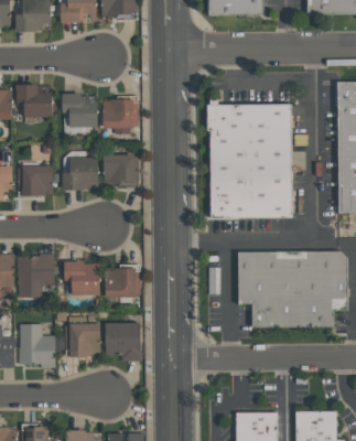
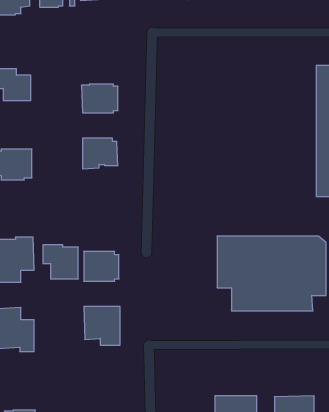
building: [62,93,98,126] -> none
building: [207,104,292,217] -> none
building: [62,155,98,189] -> none
building: [64,323,100,356] -> none

